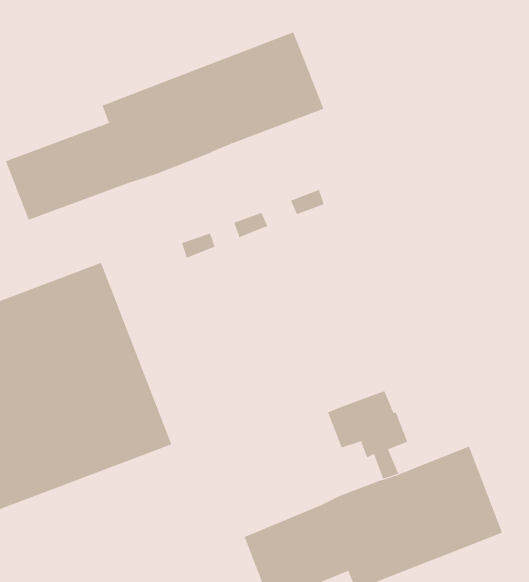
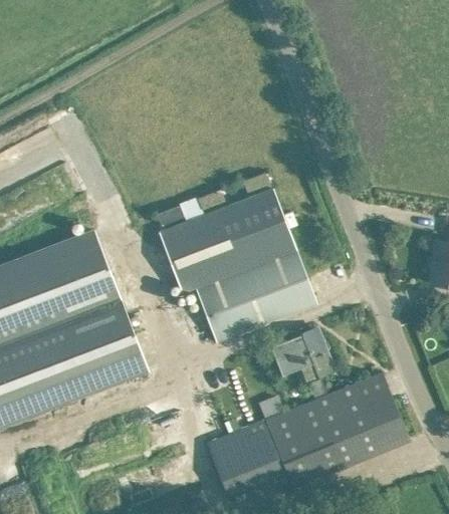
building: [5,31,324,220] -> none
building: none -> [159,189,316,342]

